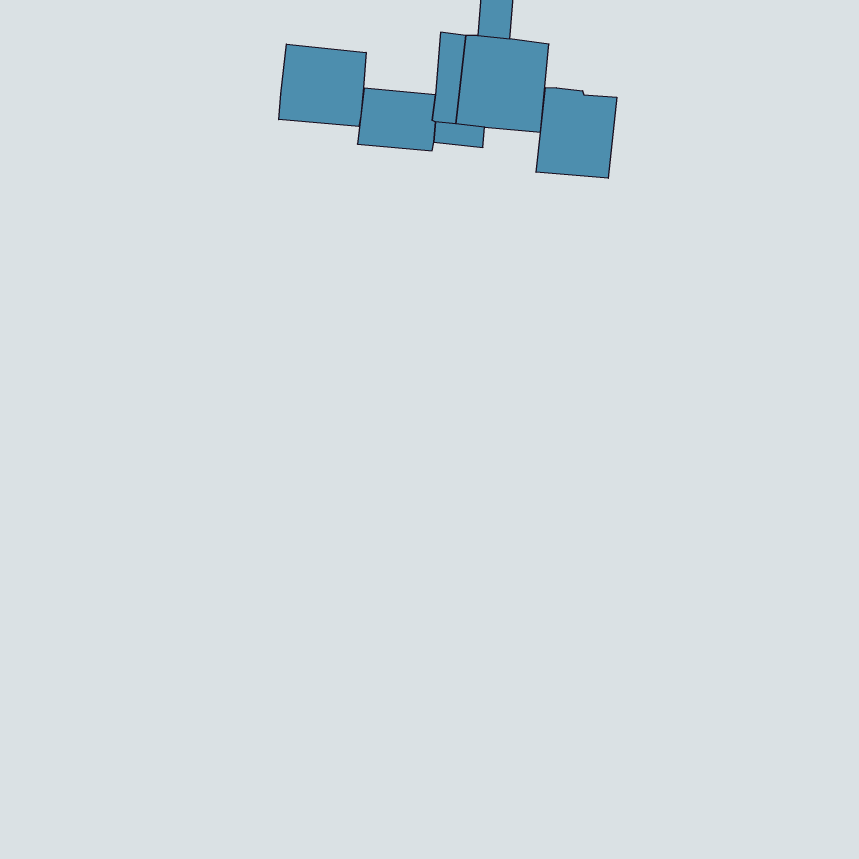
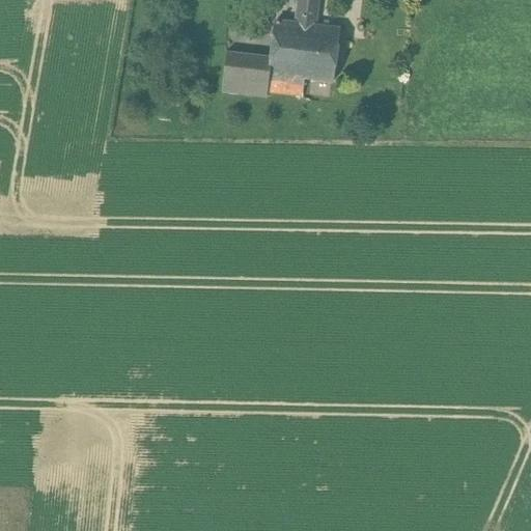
building: [279,44,366,126] -> none
building: [536,88,617,178] -> none

